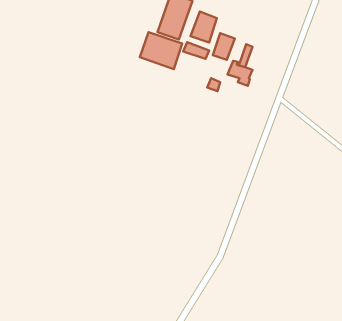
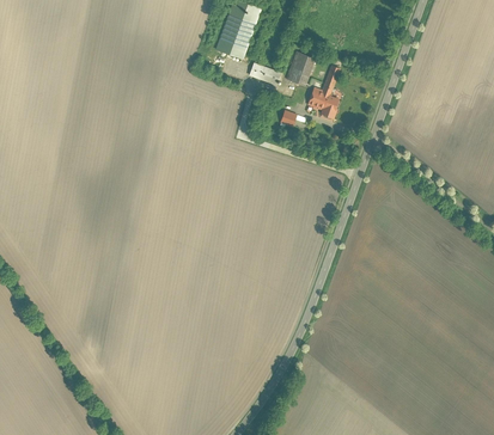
building: [191,12,217,42] -> none
building: [140,32,182,69] -> none

